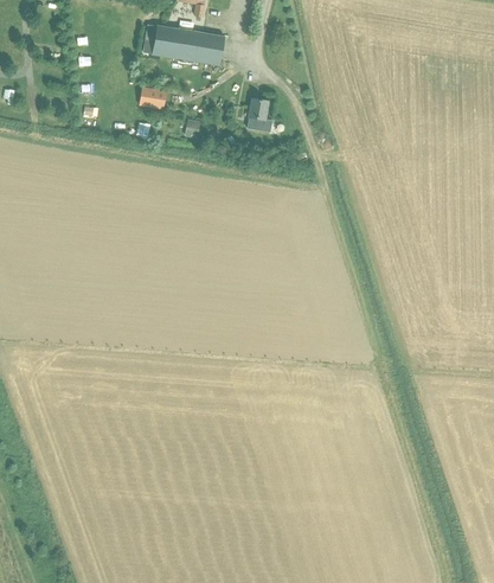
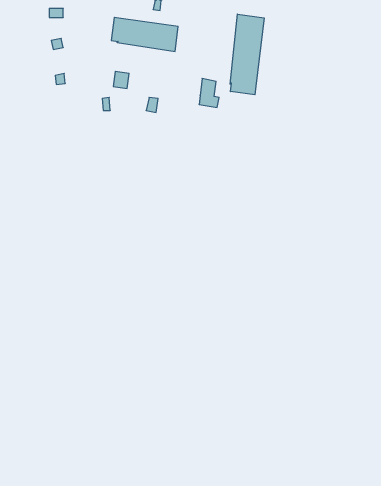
building: none -> [230,14,264,95]

